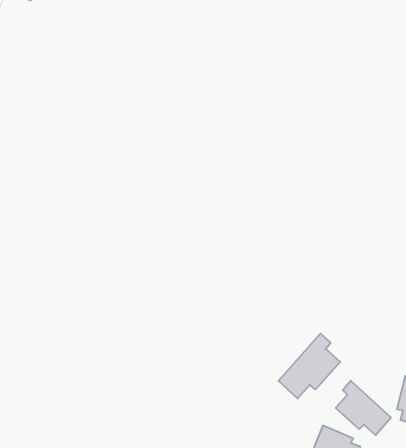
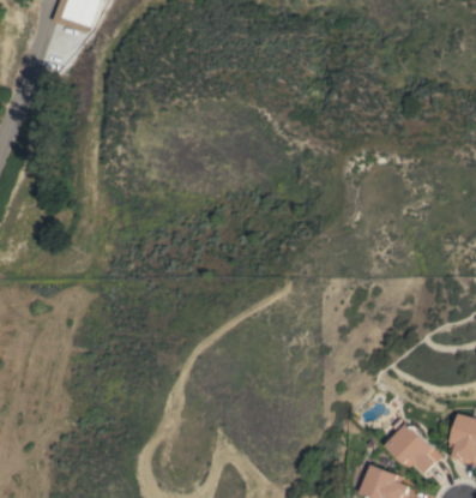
building: [278,333,340,399] -> none

